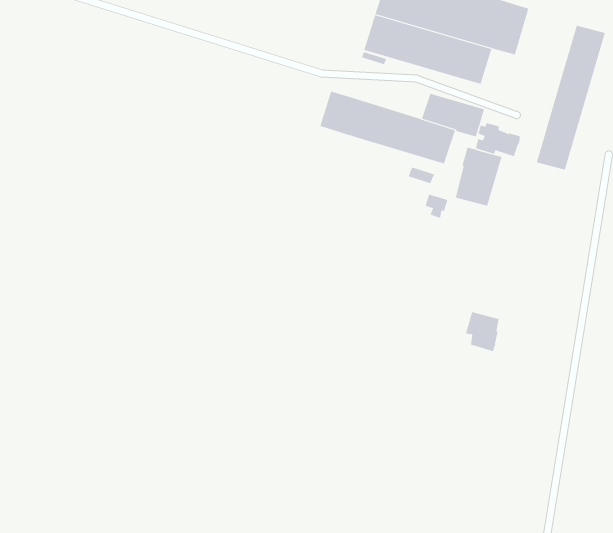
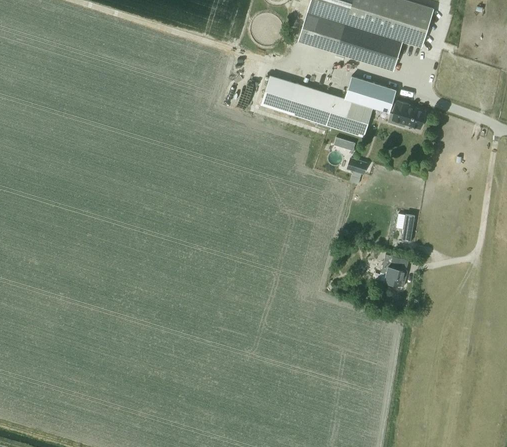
building: [536,25,605,171] -> none
building: [455,147,502,206] -> none
building: none -> [396,214,415,243]

